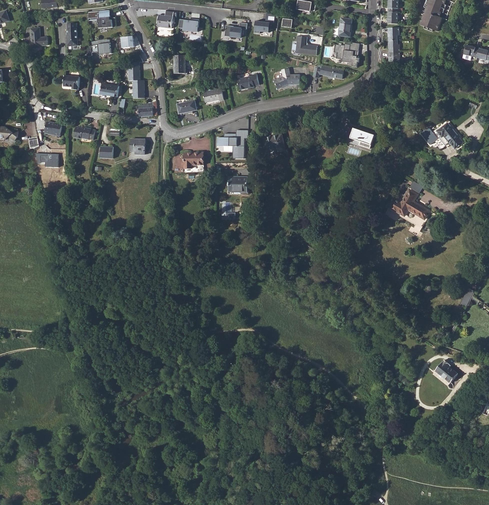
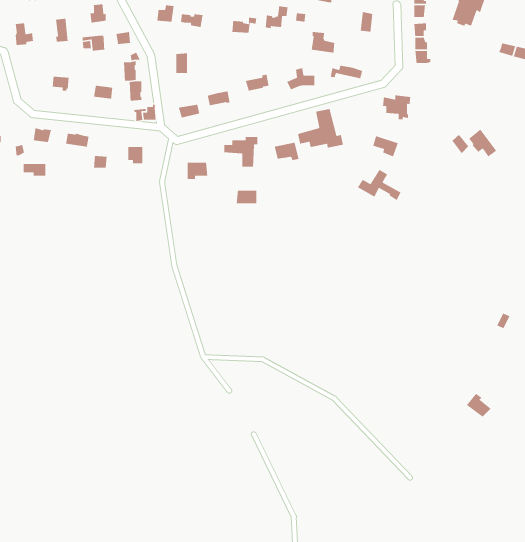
building: [333,41,359,64] -> [382,94,411,120]
building: none -> [297,108,344,149]
building: [388,189,428,218] -> [357,169,401,201]

